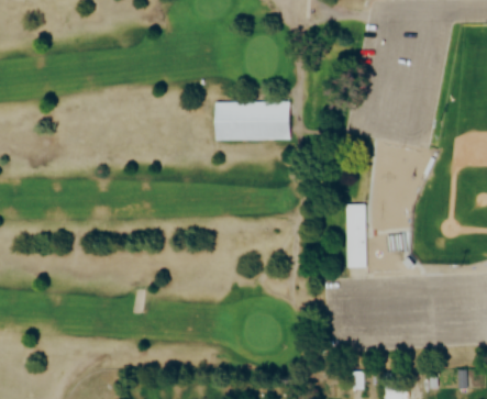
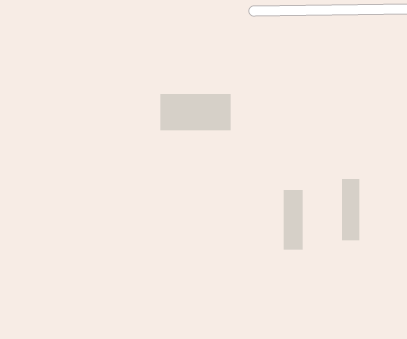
building: none -> [342,178,360,241]

